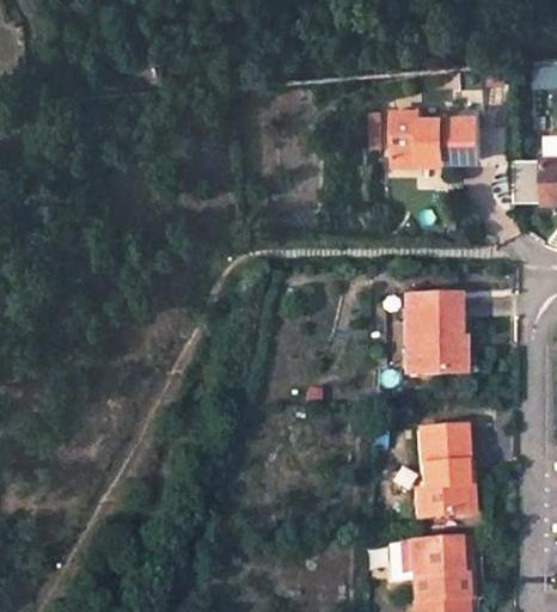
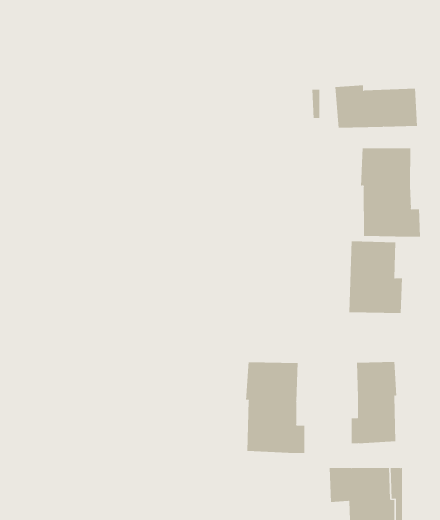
building: none -> [361,148,420,237]
building: none -> [246,361,305,454]

